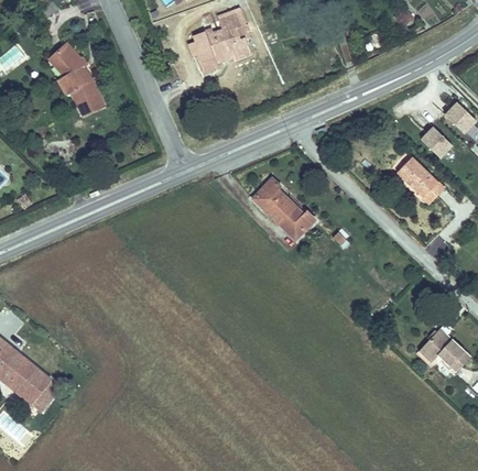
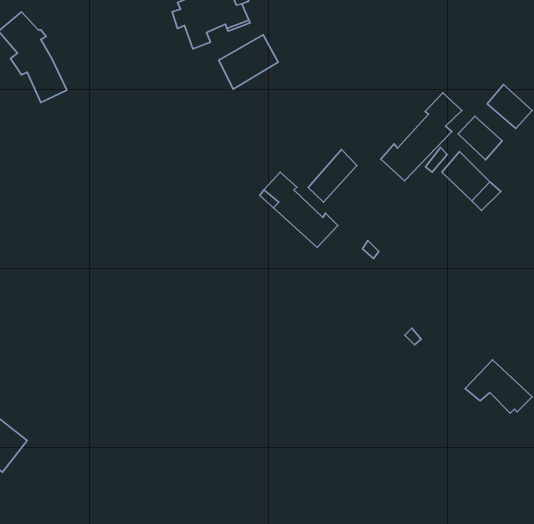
building: none -> [219,35,278,89]
building: none -> [381,93,462,181]
building: none -> [308,150,357,202]

